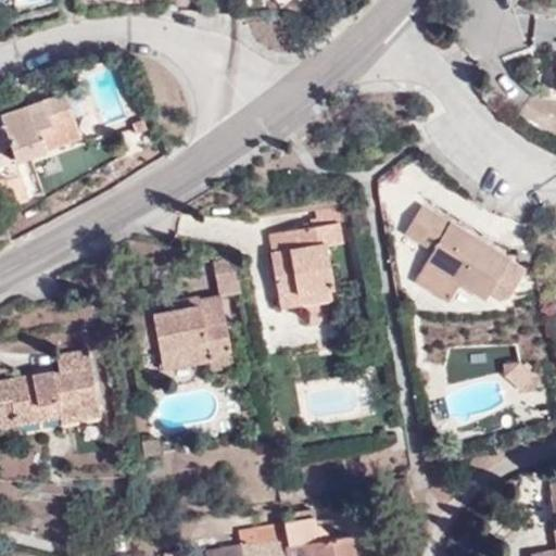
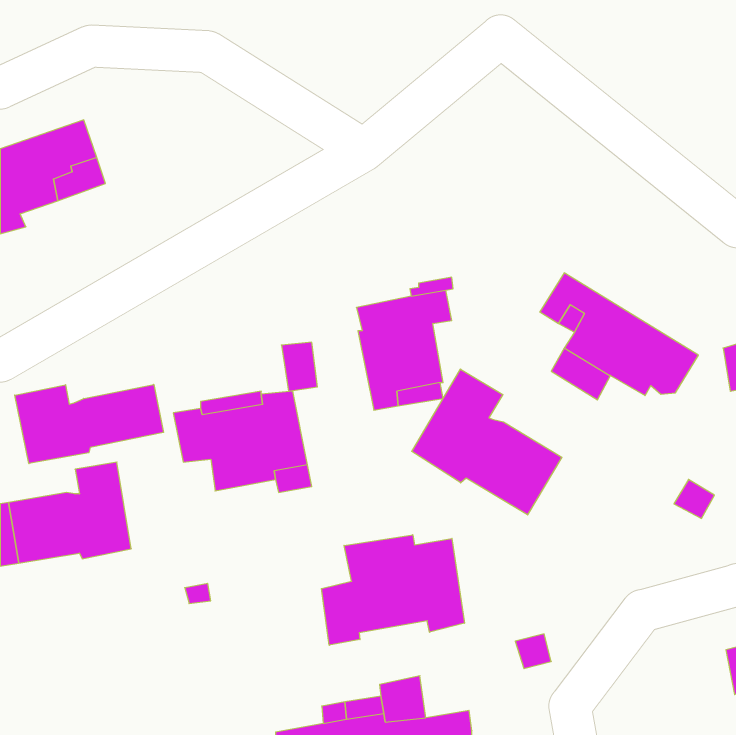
building: none -> [412,369,562,515]
building: none -> [15,384,164,464]
building: none -> [321,535,464,645]

